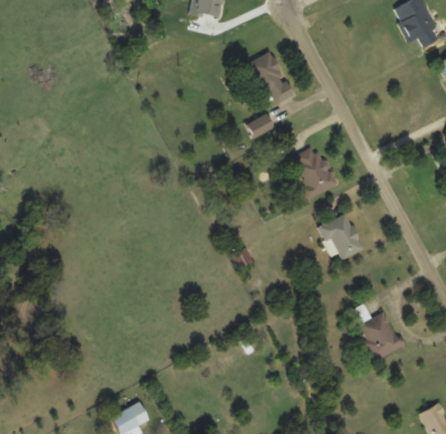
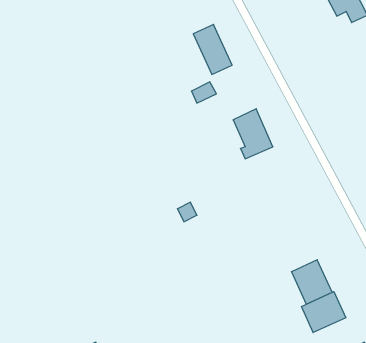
building: [318,212,363,260] -> none
building: none -> [301,292,346,333]

